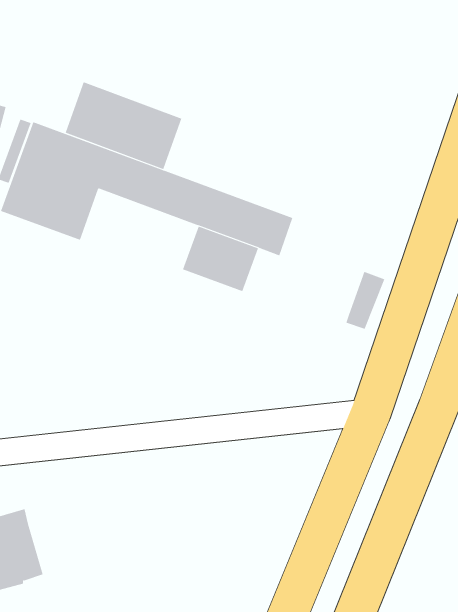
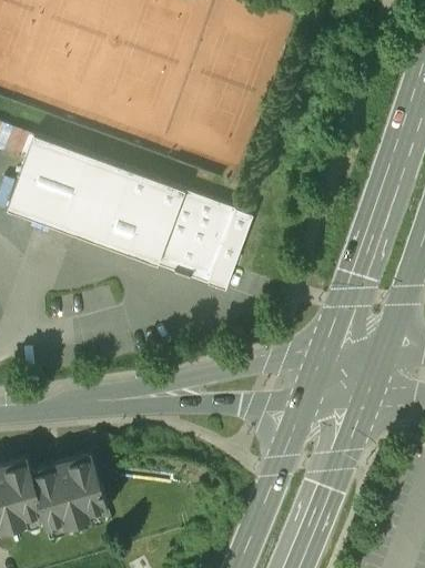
building: [65,81,182,170] -> [73,192,172,266]
building: [345,271,385,329] -> [208,242,241,291]
building: none -> [30,456,108,529]

